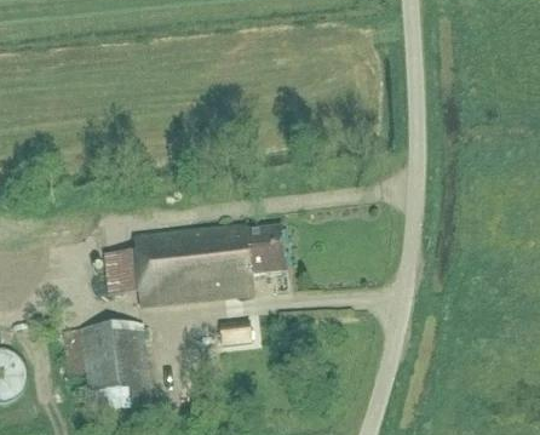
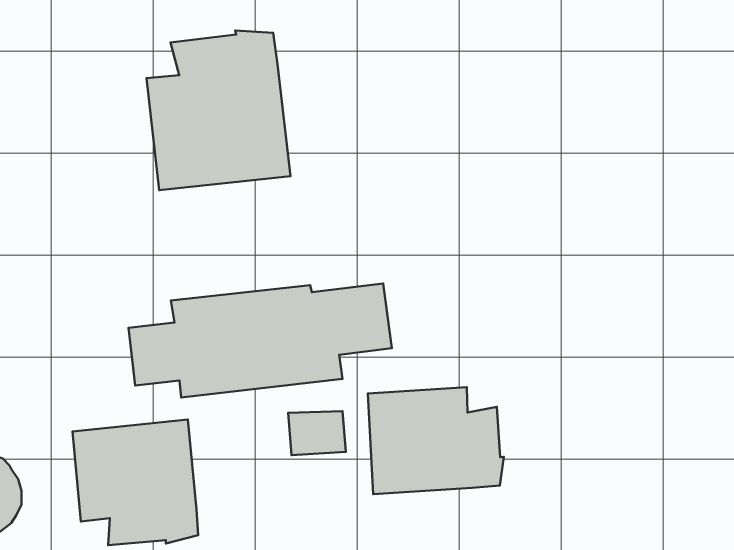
building: none -> [146,30,291,190]
building: none -> [368,387,504,494]

